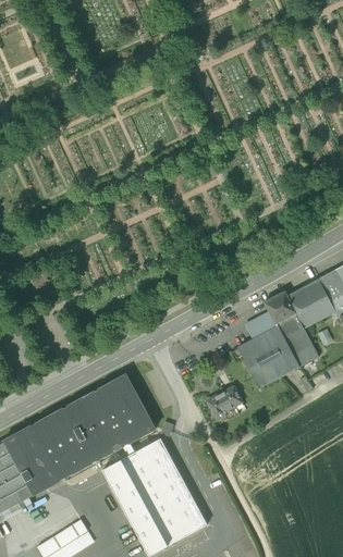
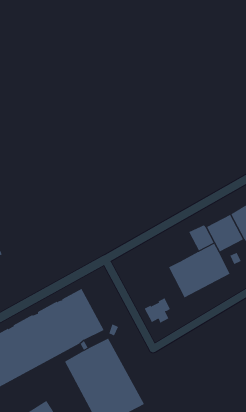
building: [244,311,277,341] -> none

